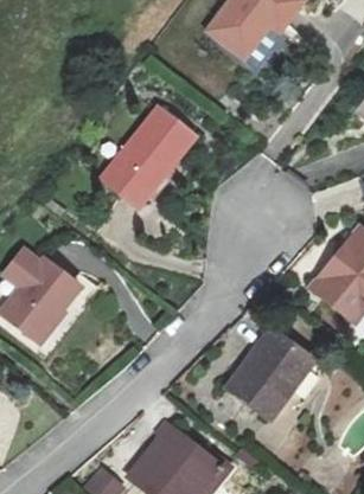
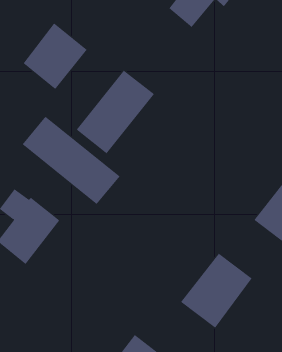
building: none -> [23,22,88,90]
building: none -> [22,116,120,205]

